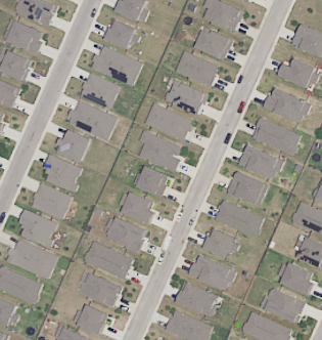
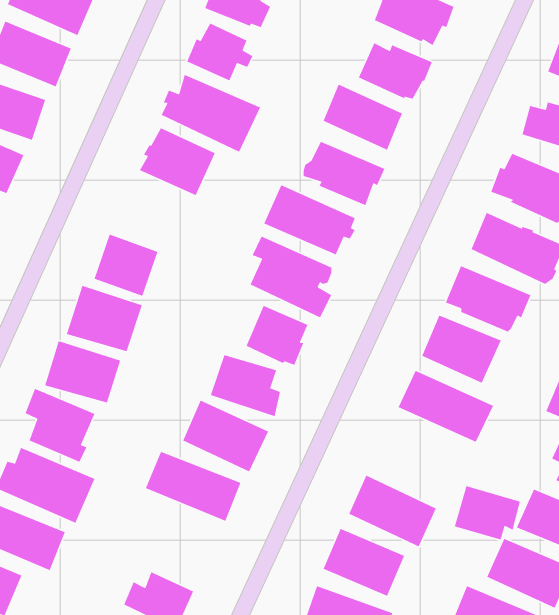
building: [67,101,118,141] -> none
building: [202,228,237,257] -> [454,485,521,541]
building: [76,271,122,307] -> none

